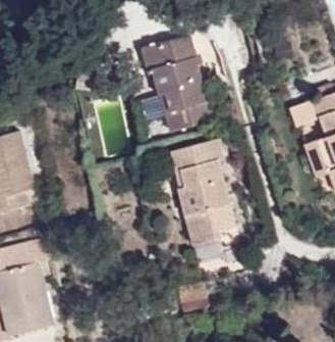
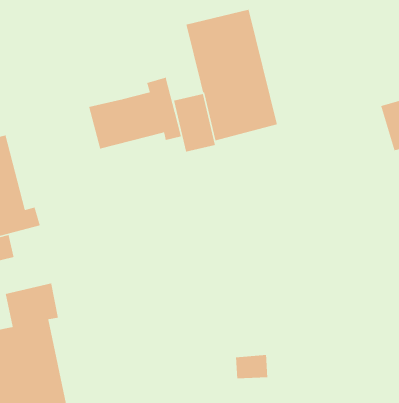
building: none -> [88,76,182,149]
building: [168,139,243,280] -> none

